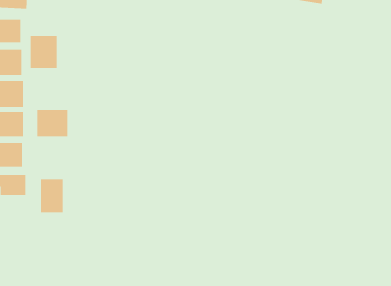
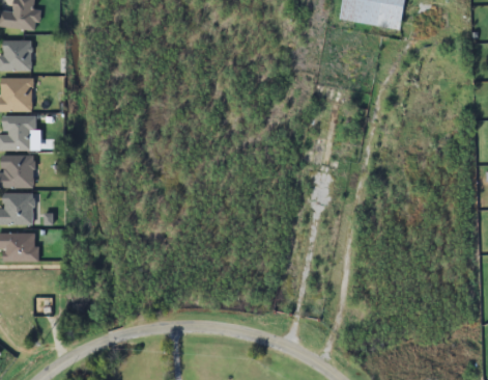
building: [30,35,57,69] -> none
building: [37,109,68,137] -> none
building: [40,179,64,213] -> none

